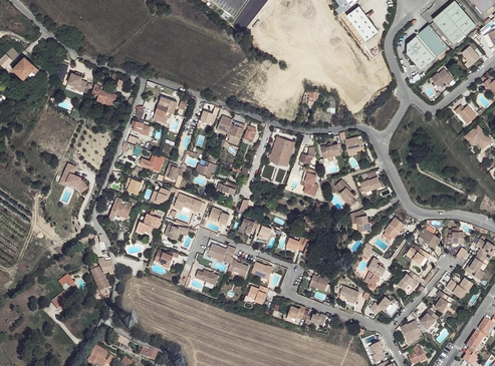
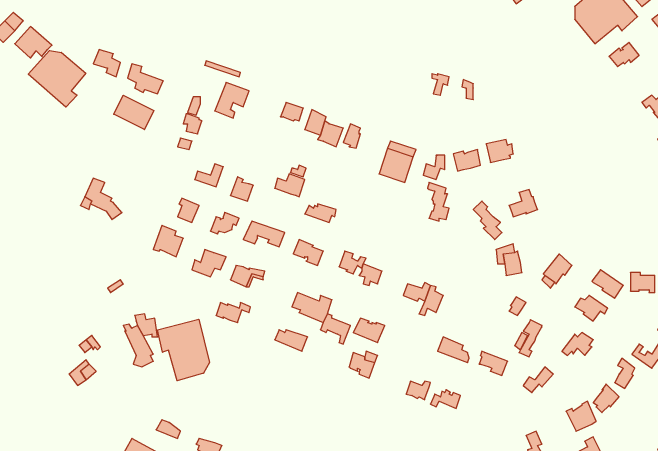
building: none -> [28,51,86,107]
building: none -> [114,95,154,130]
building: none -> [158,319,210,381]

